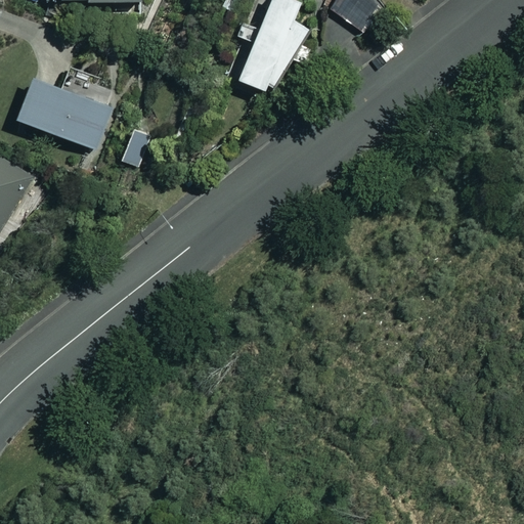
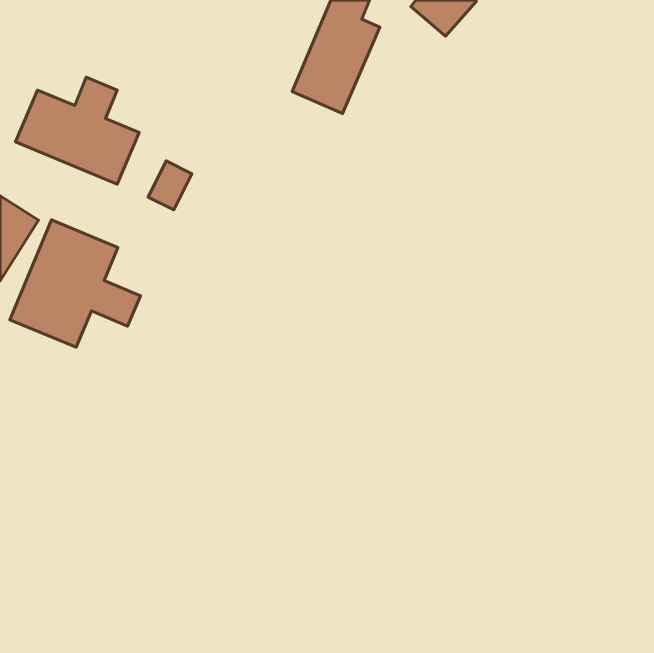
building: none -> [10,220,140,347]

